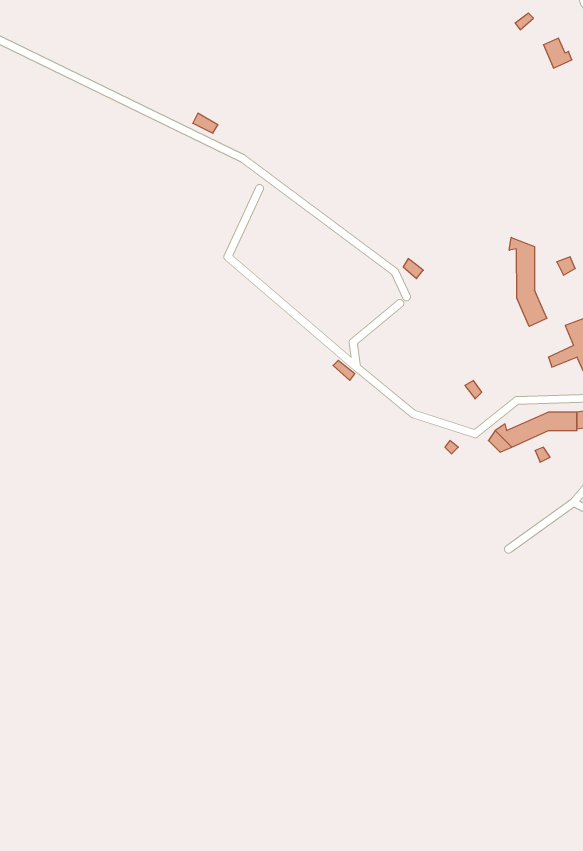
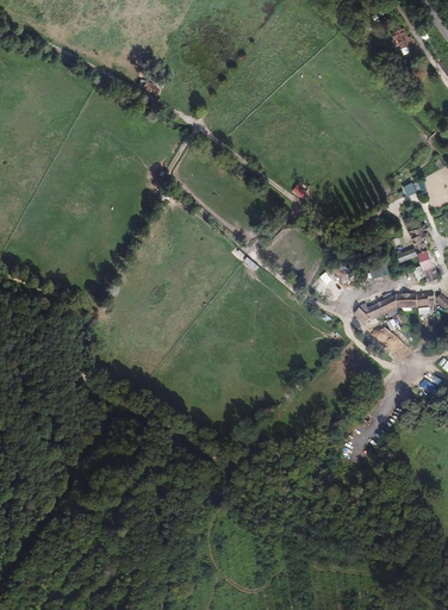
building: [509,237,547,326] -> none

